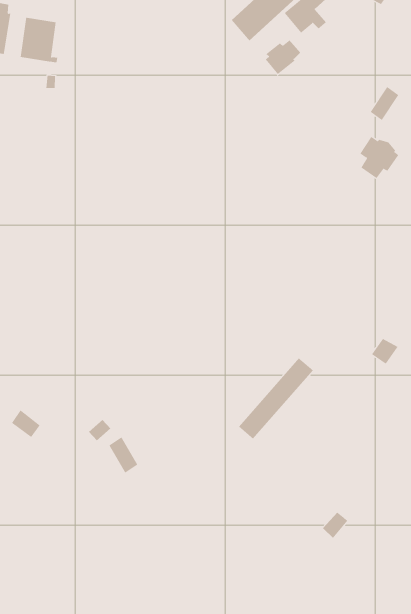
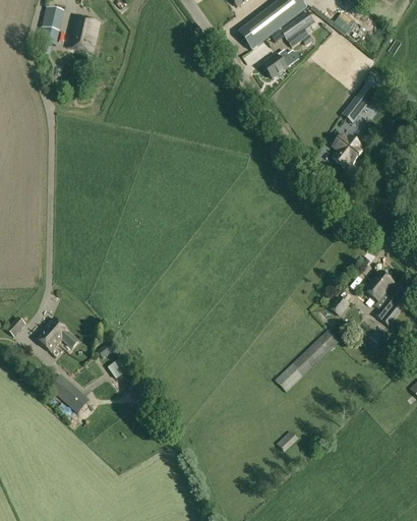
building: [238,358,314,439] -> [275,329,339,391]
building: none -> [44,317,78,348]
building: none -> [48,373,90,413]

